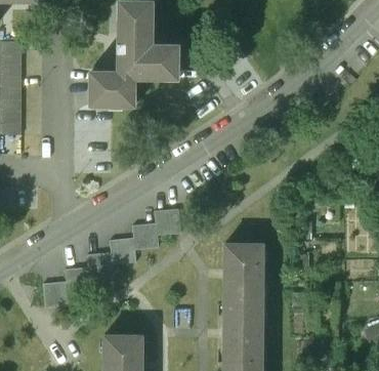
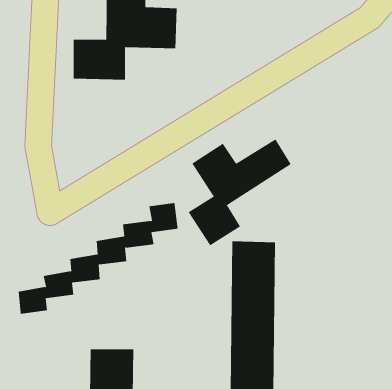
building: none -> [188,138,292,246]

